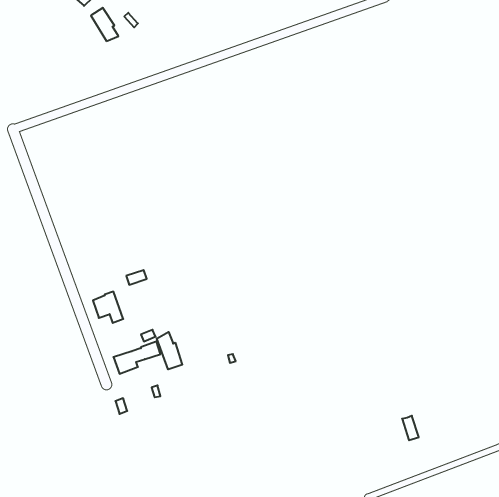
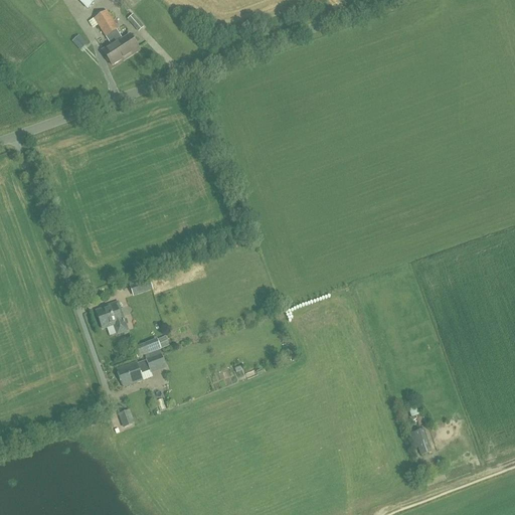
building: none -> [102,32,139,63]
building: [157,332,182,369] -> none

